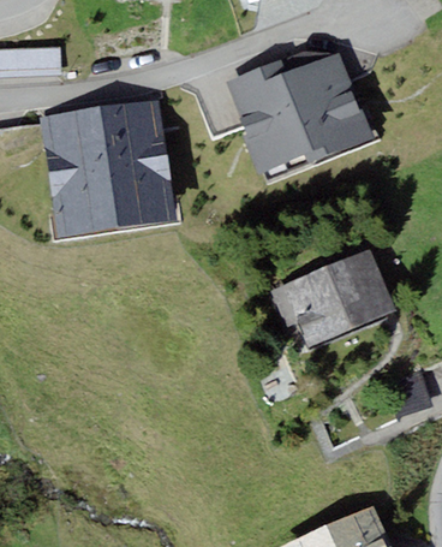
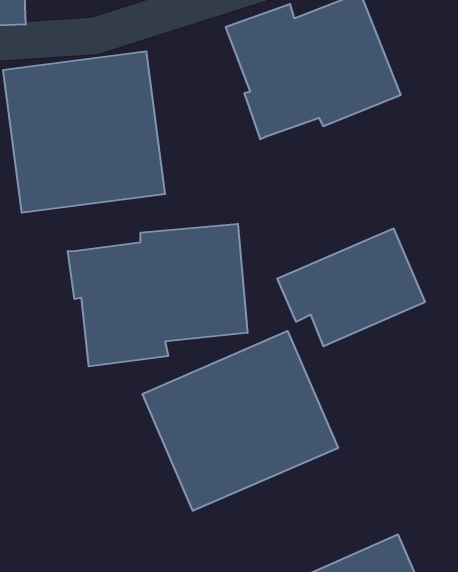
building: none -> [68,224,248,366]
building: none -> [143,331,338,511]

